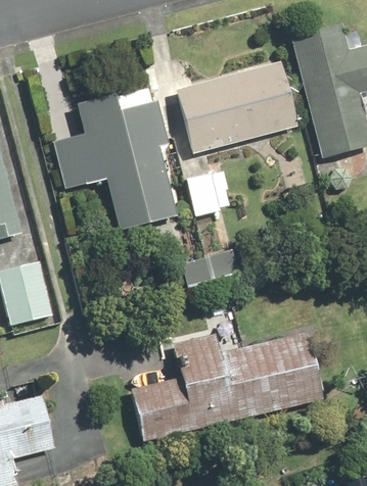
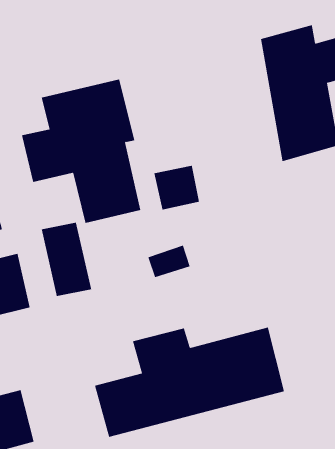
building: [175,57,300,157] -> none
building: none -> [41,222,92,297]

